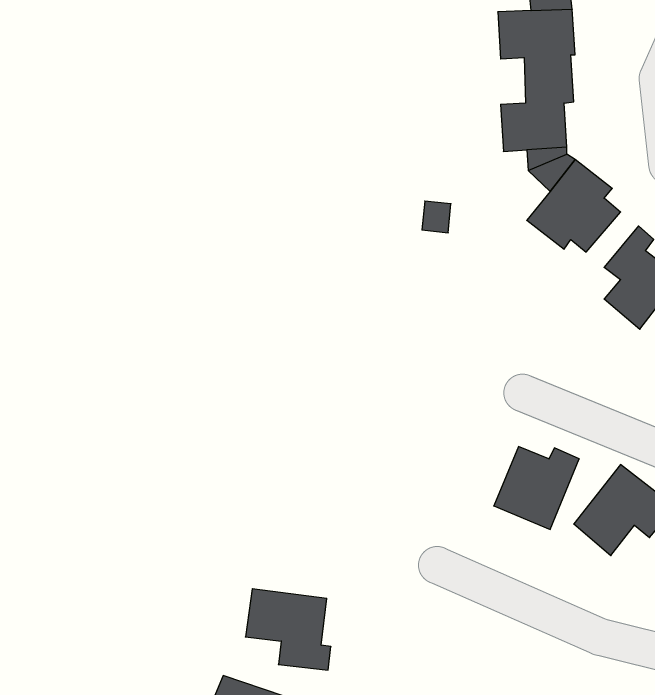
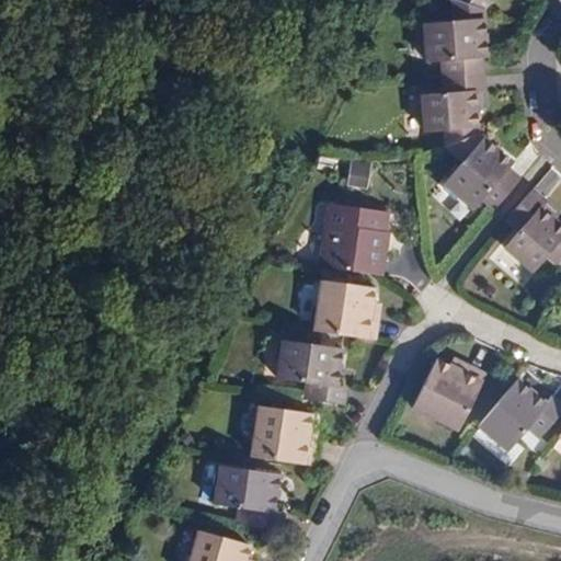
building: none -> [320,203,388,275]
building: none -> [313,282,377,340]
building: none -> [278,343,344,408]
building: none -> [255,413,318,468]

